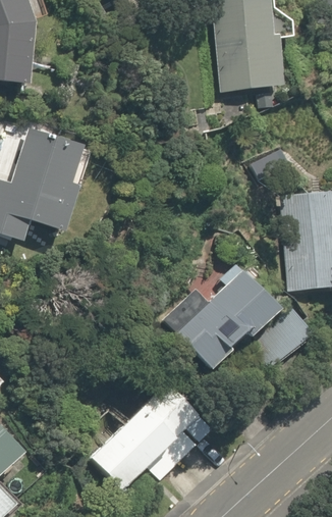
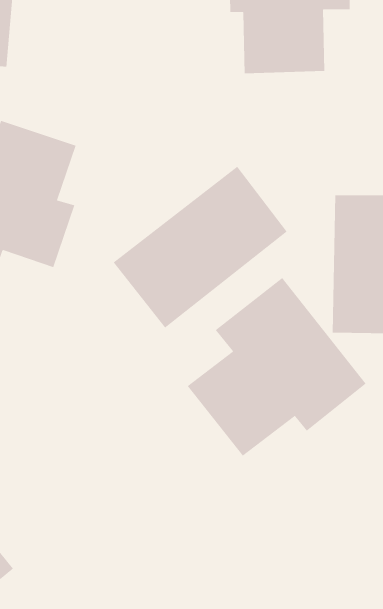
building: none -> [113,166,287,328]
building: [76,382,204,492] -> none

